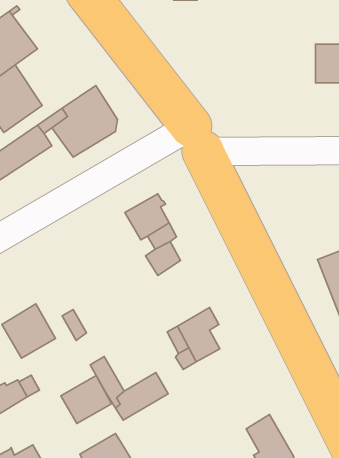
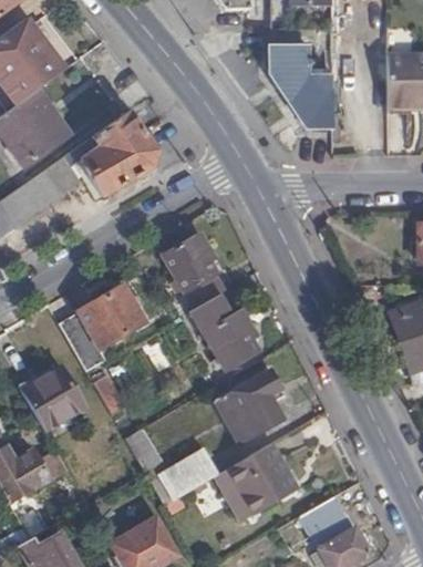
building: none -> [272,49,334,126]
building: none -> [58,286,145,371]
building: none -> [205,310,259,370]
building: none -> [228,441,297,514]
building: [61,375,111,424] -> none

